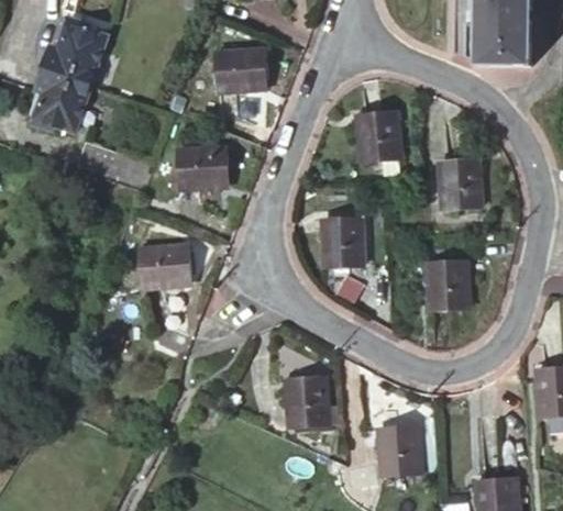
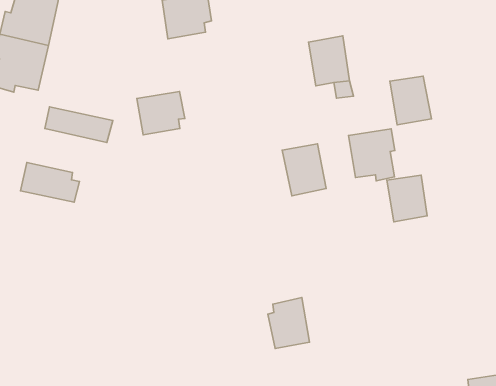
building: none -> [21,162,79,202]
building: none -> [349,129,395,181]
building: [139,246,187,287] -> none
building: [379,423,419,470] -> none

